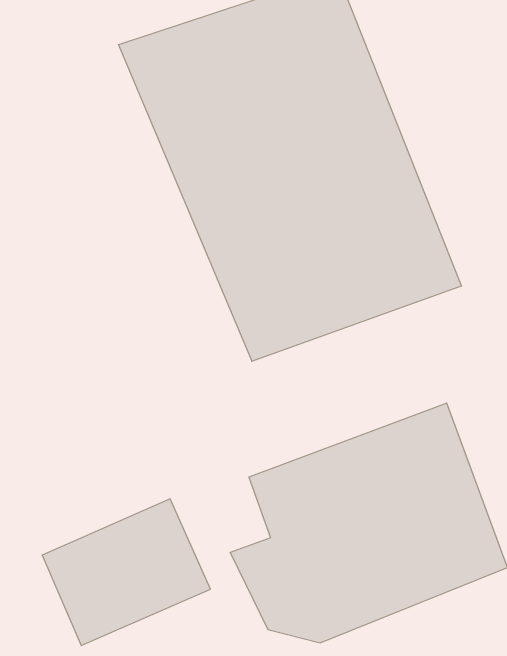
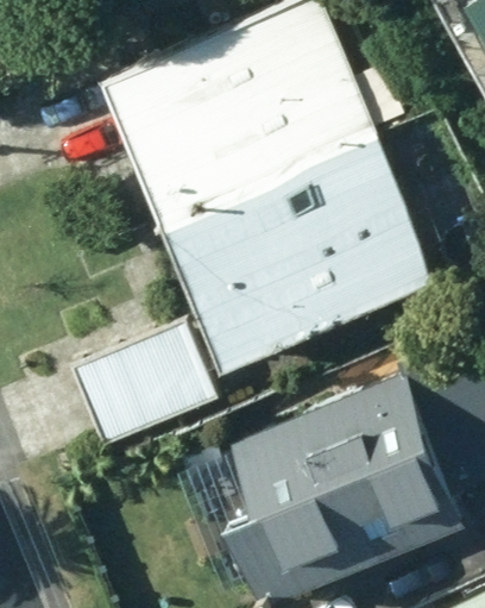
building: [42,499,210,646] -> [77,330,226,459]

